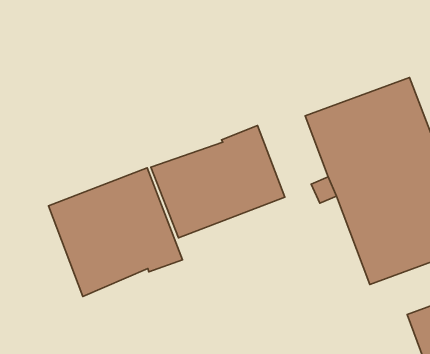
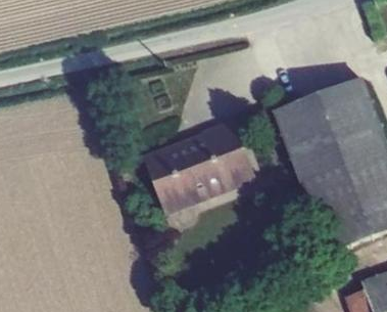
building: [48,168,183,297] -> none

